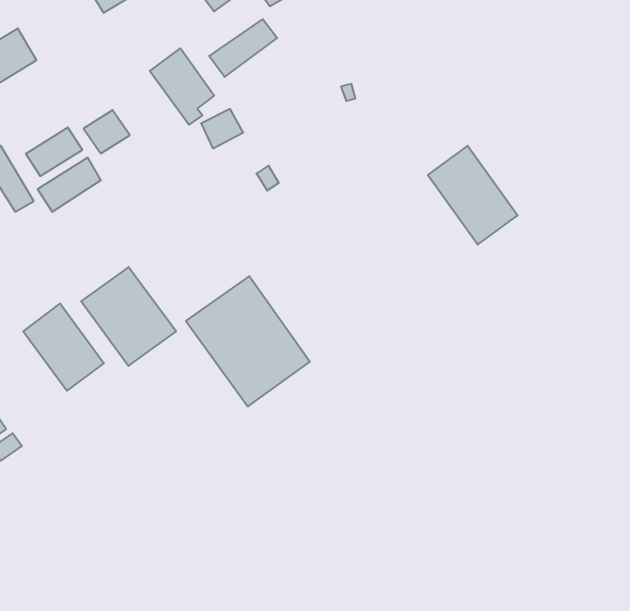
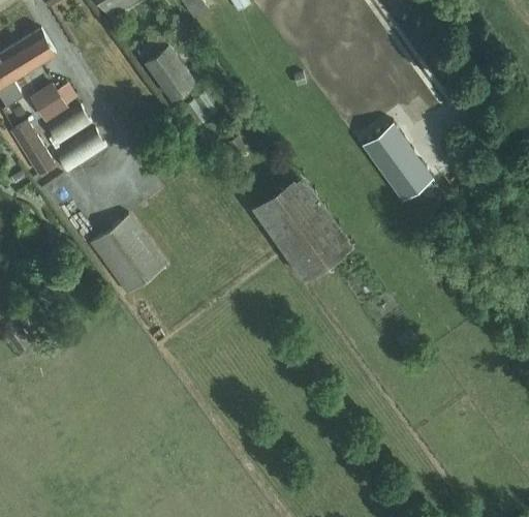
building: [209,19,277,77] -> none
building: [84,110,130,153] -> [32,85,68,119]
building: [186,276,310,407] -> [253,176,350,278]
building: [23,304,104,391] -> none

